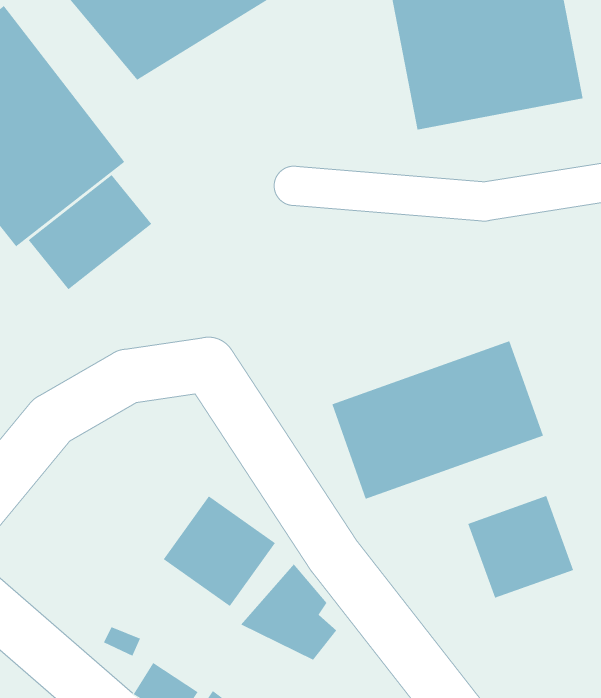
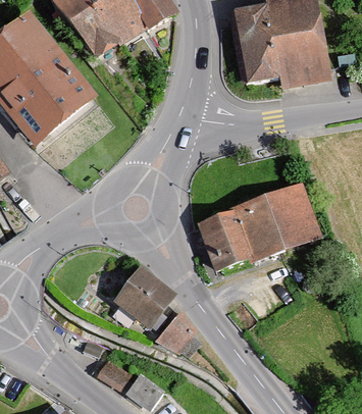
building: [28,174,152,290] -> none
building: [467,495,574,598] -> none

